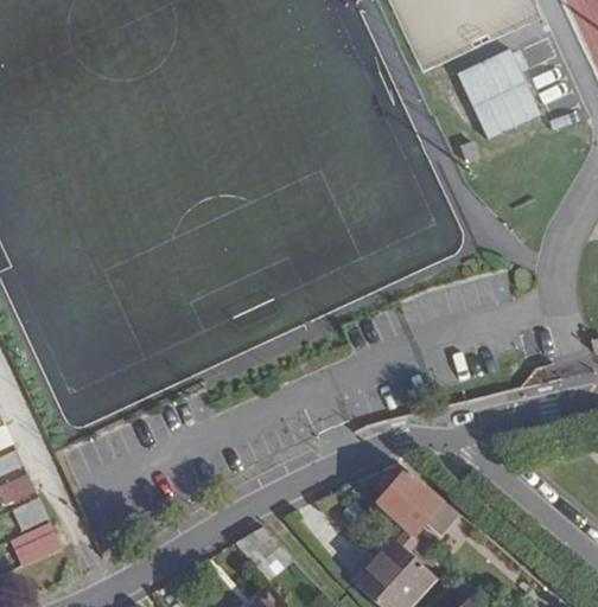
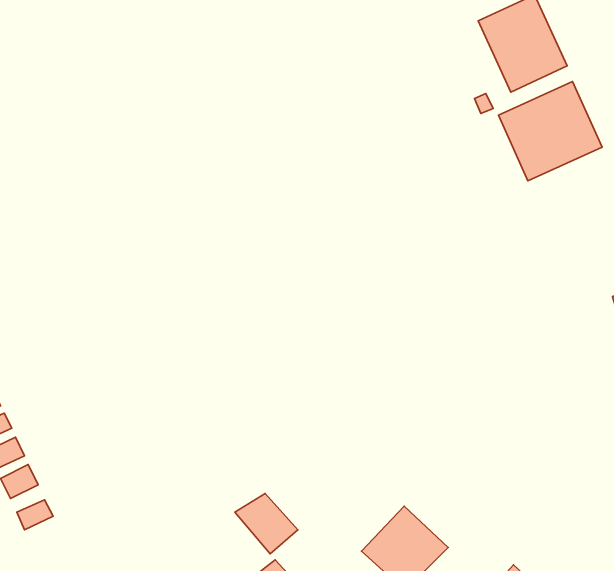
building: none -> [498,81,602,181]
building: [374,468,457,536] -> none

